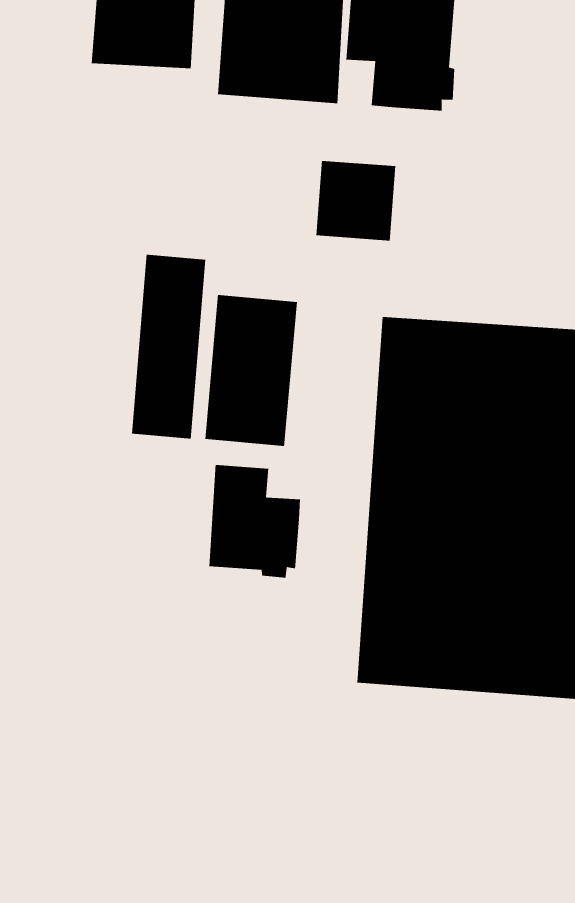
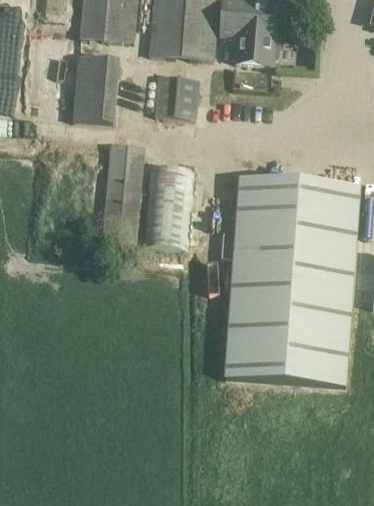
building: none -> [72,54,118,122]
building: [316,160,396,241] -> [154,74,199,118]
building: [209,464,301,578] -> none

